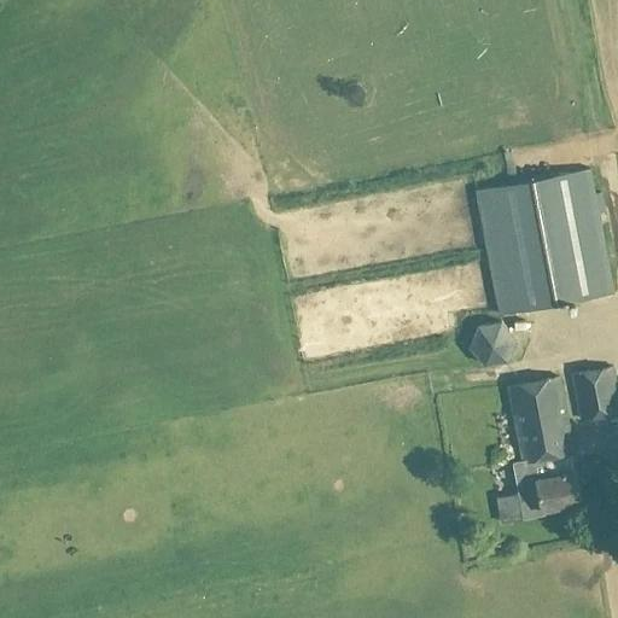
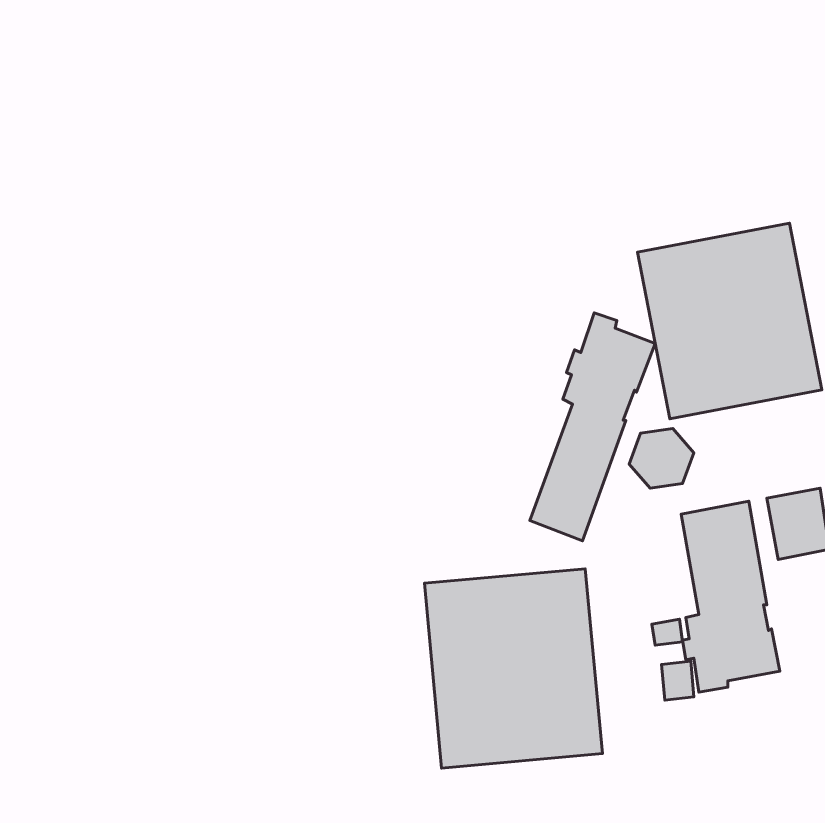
building: none -> [530,313,655,541]
building: none -> [424,569,602,768]

